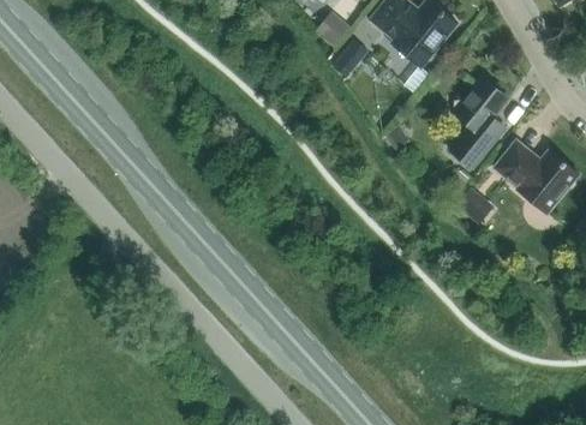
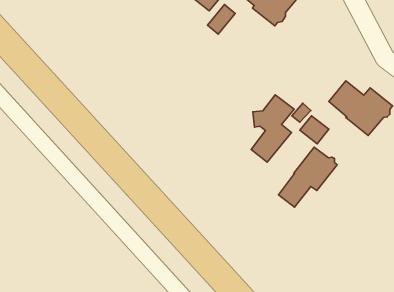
building: [450,78,508,168] -> [251,95,294,162]
building: none -> [278,147,337,207]

